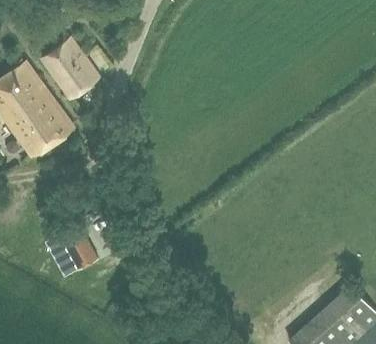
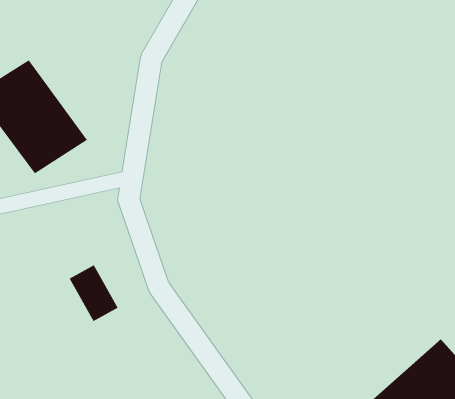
building: [41,38,102,102] -> none

